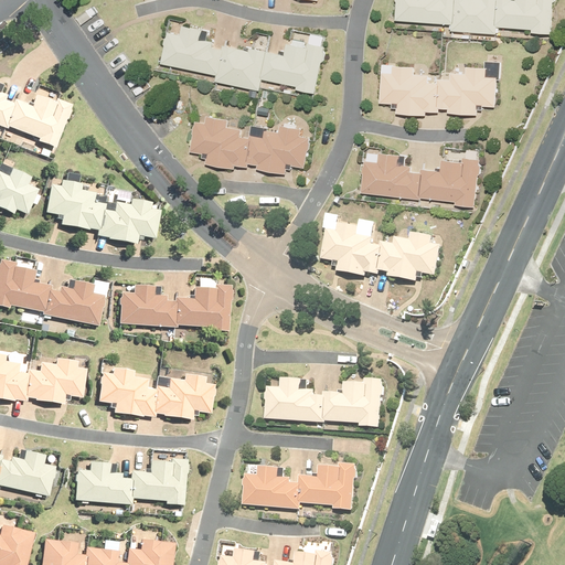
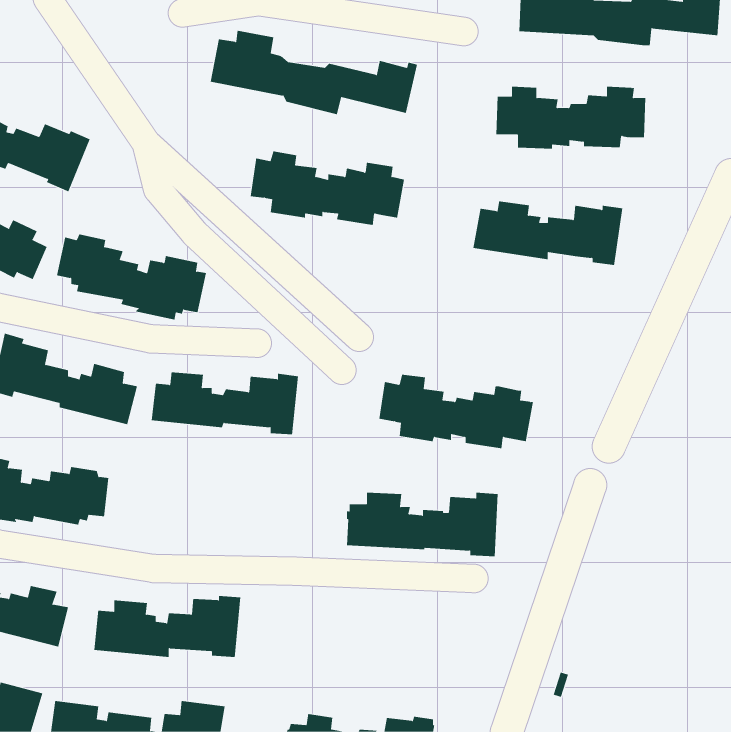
building: [322,224,441,281] -> [379,374,534,449]
building: [96,365,213,419] -> none
building: [244,463,358,511] -> none

